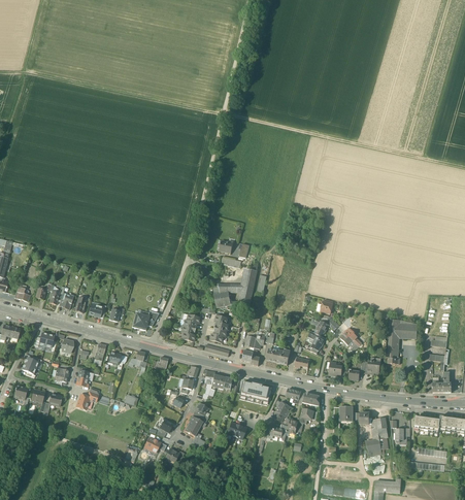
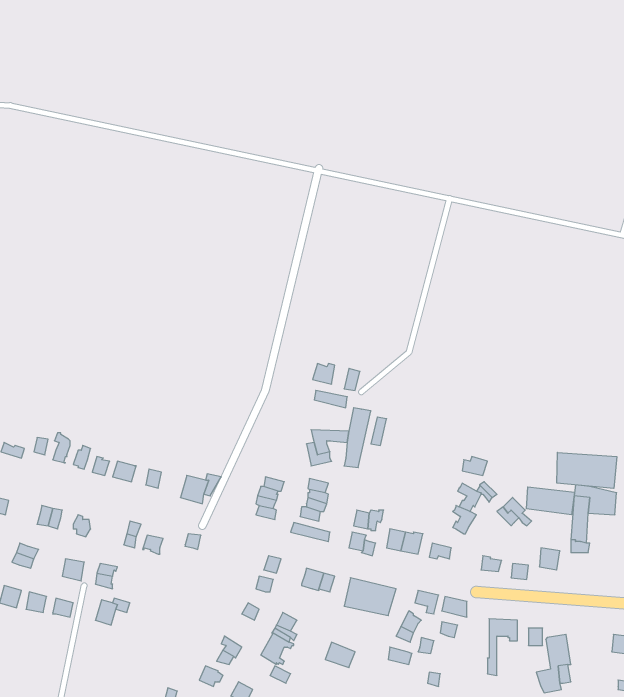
building: none -> [557,452,617,488]
building: none -> [527,487,575,515]

